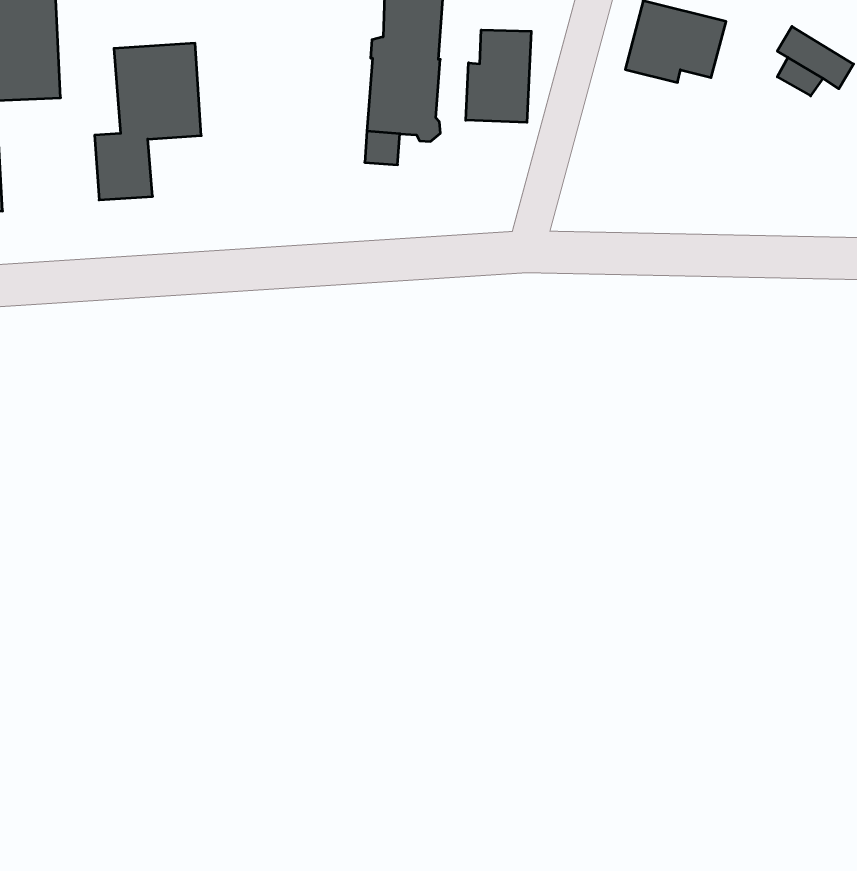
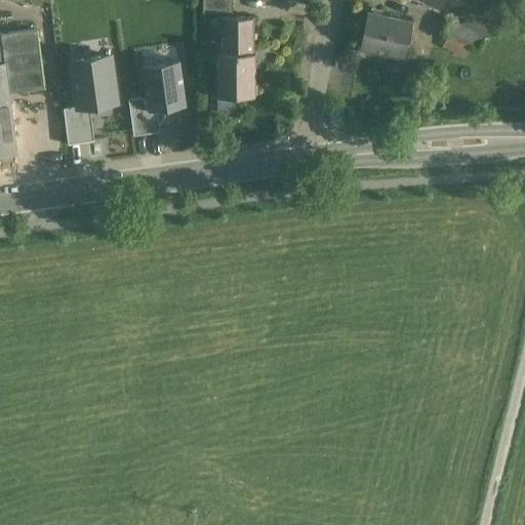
building: [466,30,531,122] -> none
building: none -> [131,63,181,134]

